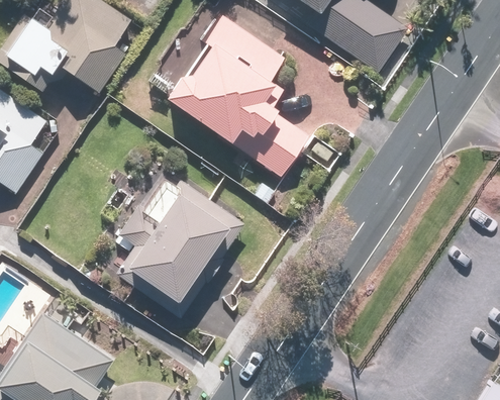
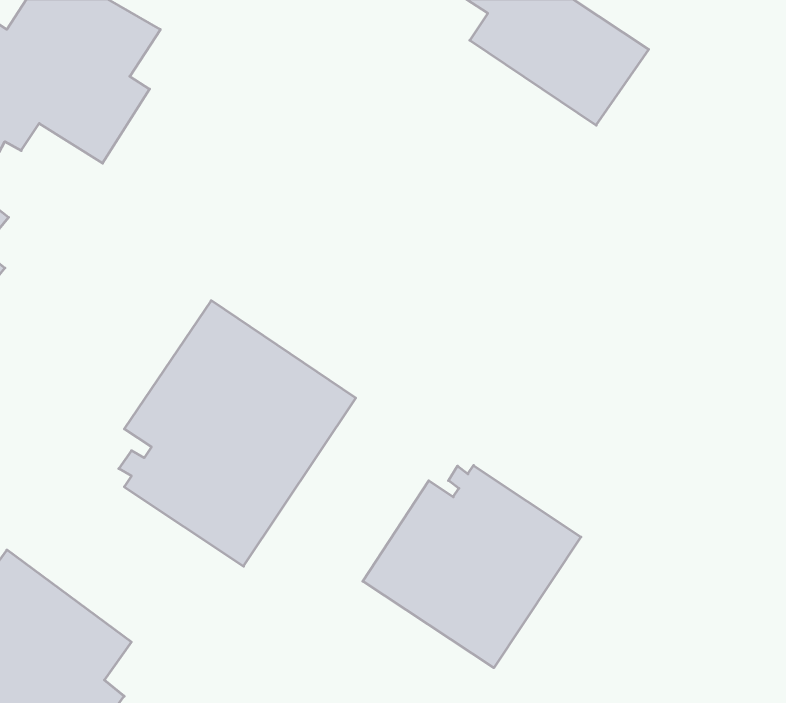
building: [168,11,311,177] -> none
building: none -> [363,465,581,668]

